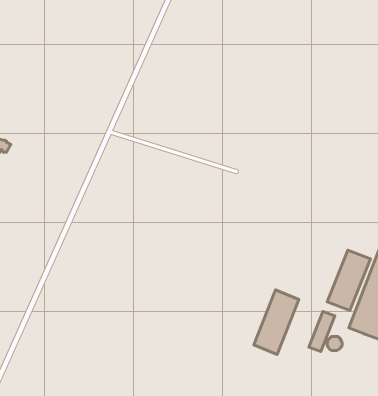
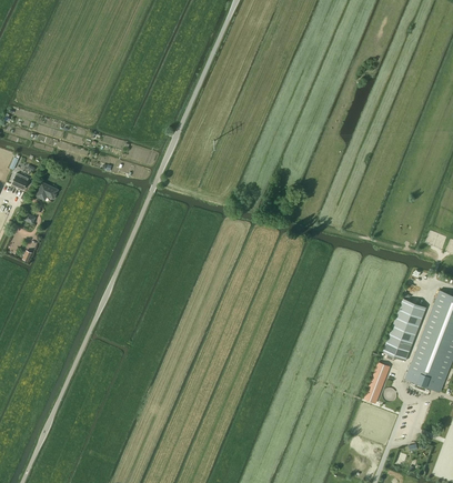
building: [254,290,299,355] -> none

